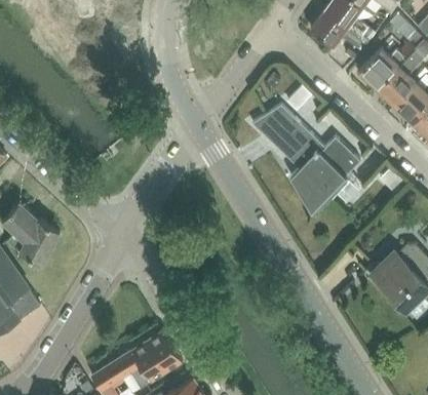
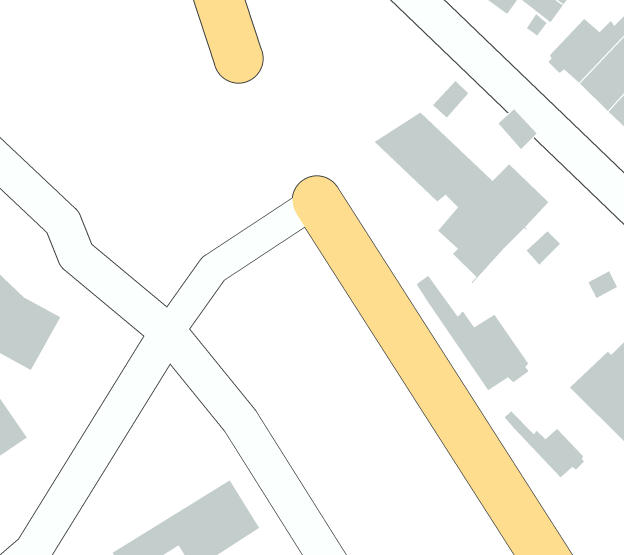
building: none -> [415,275,529,391]
building: none -> [503,411,585,478]

